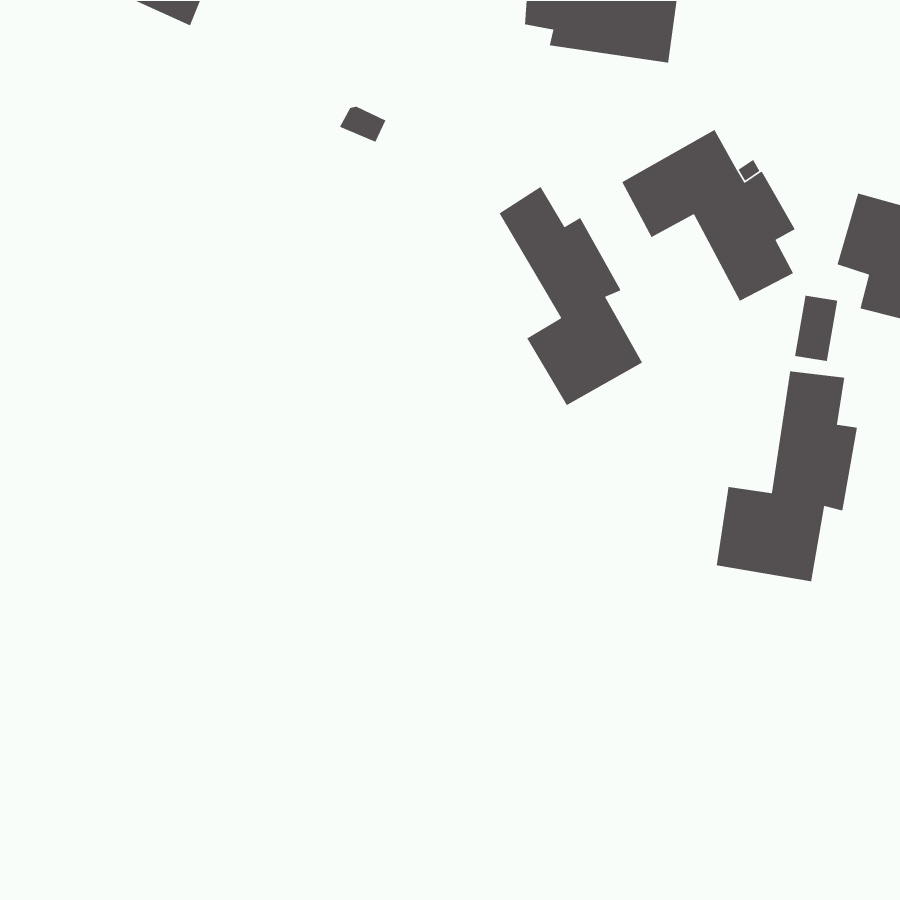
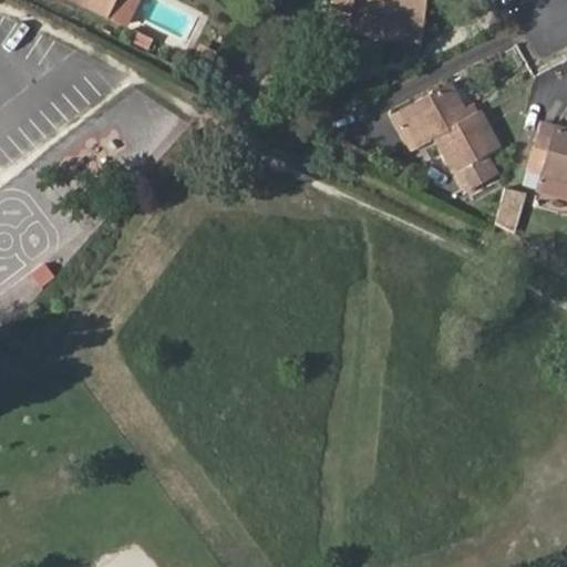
building: [498,186,643,406] -> none
building: [716,371,858,582] -> none

